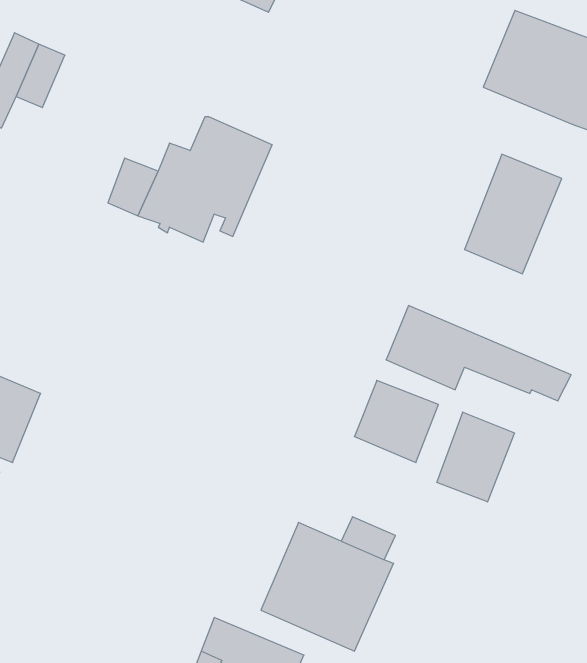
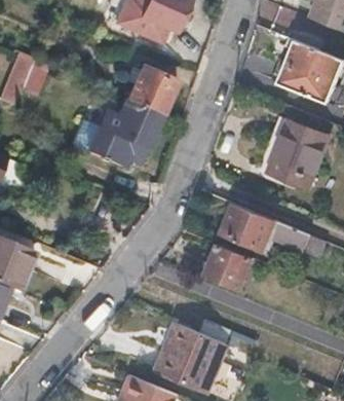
building: none -> [126,67,176,115]
building: [437,412,515,502] -> none

